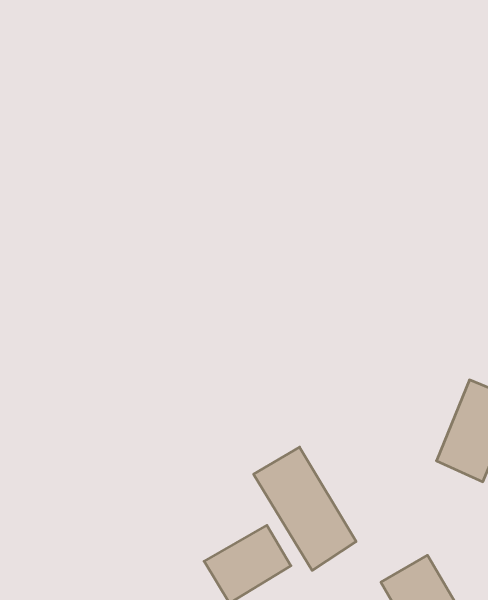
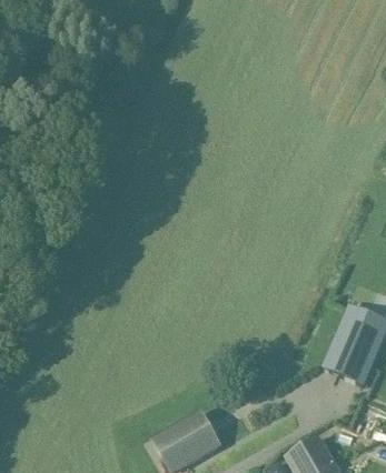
building: [254,447,356,570] -> none

